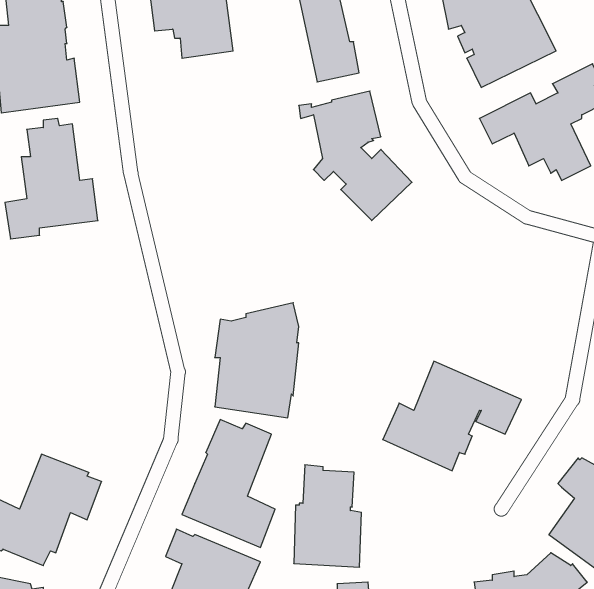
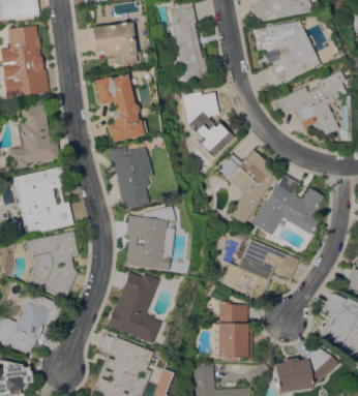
building: none -> [94,73,147,142]
building: none -> [110,146,153,210]
building: none -> [220,149,276,222]
building: none -> [12,165,73,234]
building: none -> [251,174,324,235]
building: none -> [23,231,79,298]
building: [294,465,361,567] -> [215,300,253,358]

